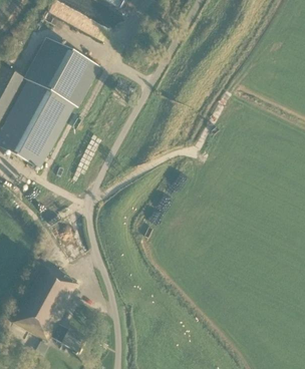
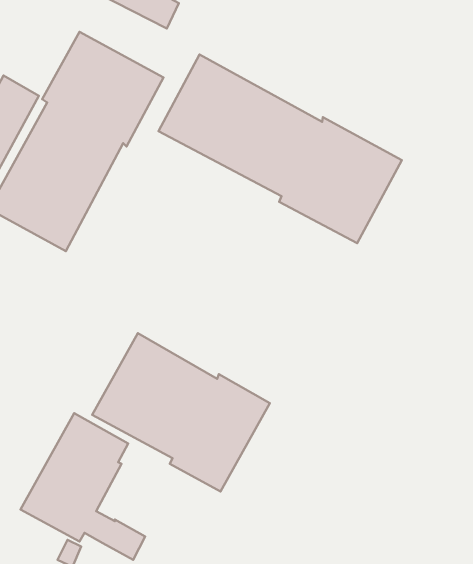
building: none -> [158,55,402,243]
building: none -> [92,333,270,492]

